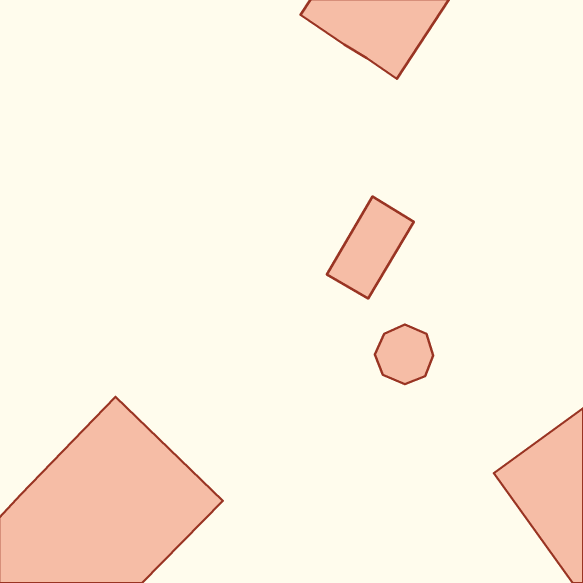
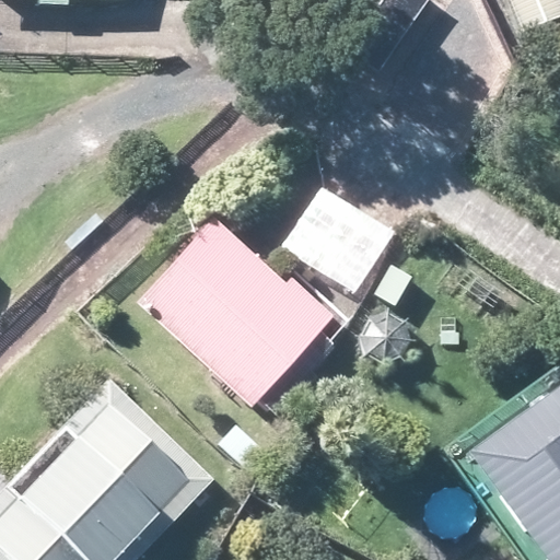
building: none -> [140,221,335,406]

